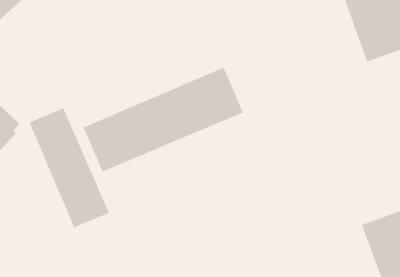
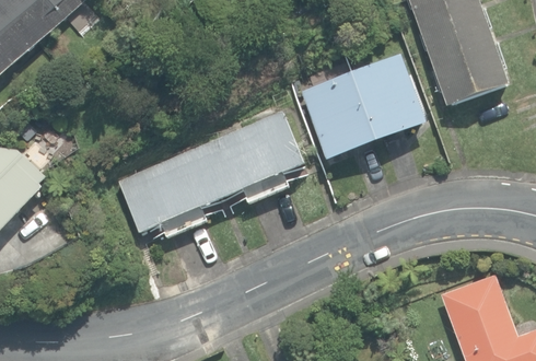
building: none -> [301,53,428,161]
building: [28,107,110,229] -> none

